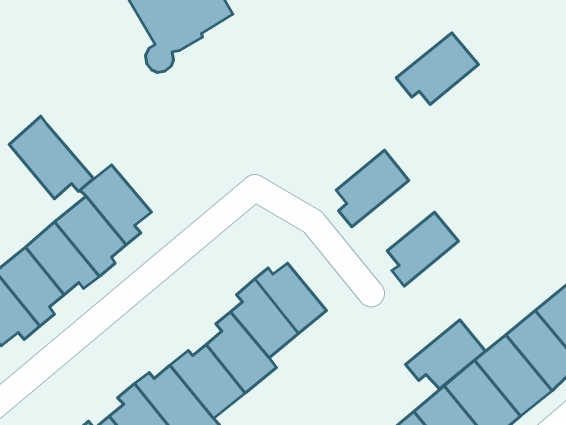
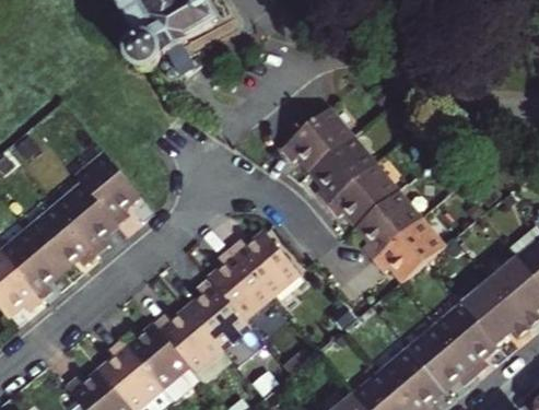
building: [396,33,479,104] -> [277,107,351,172]
building: [9,116,94,199] -> none
building: none -> [321,163,396,226]
building: [405,320,485,389] -> [368,218,441,280]

